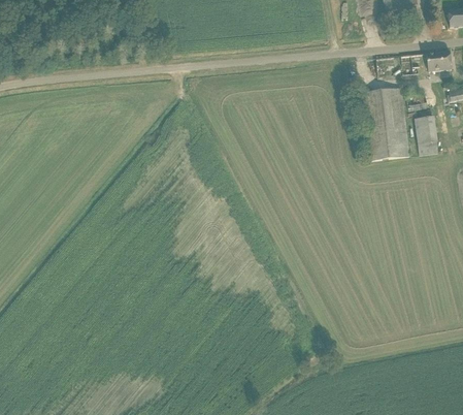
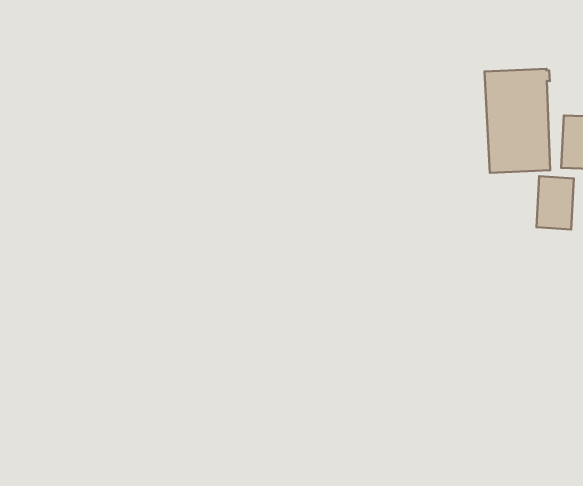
building: none -> [537,176,574,230]

